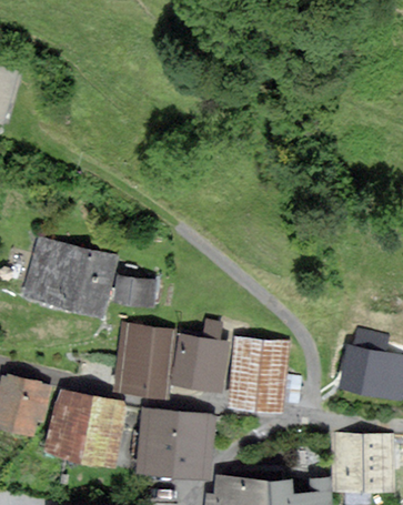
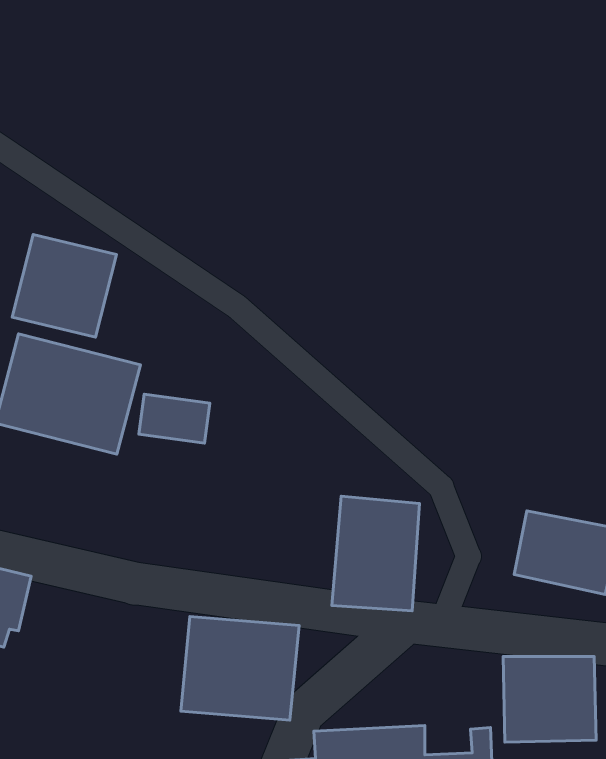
building: none -> [12,235,116,337]
building: [119,324,173,395] -> none
building: [175,334,225,387] -> none
building: [46,388,123,466] -> none

